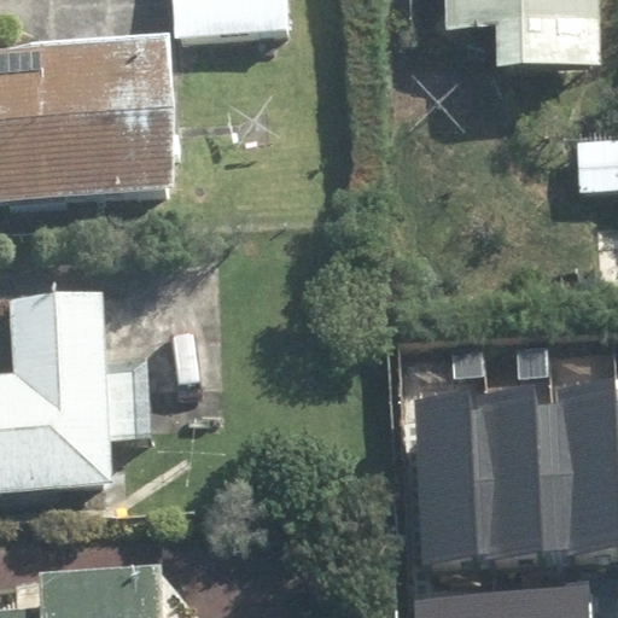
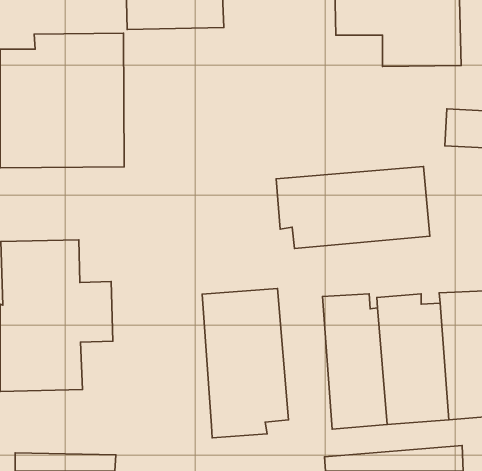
building: none -> [276,167,430,249]
building: none -> [202,288,288,438]

